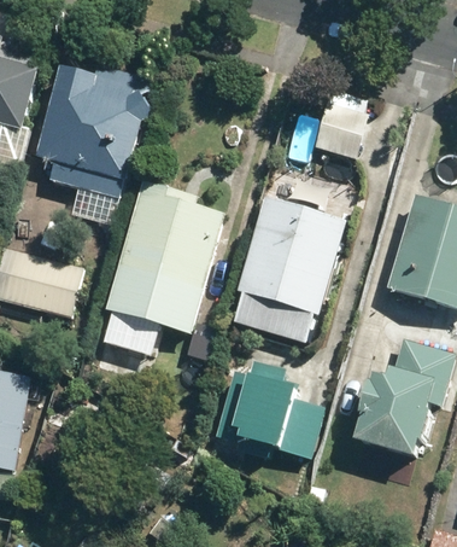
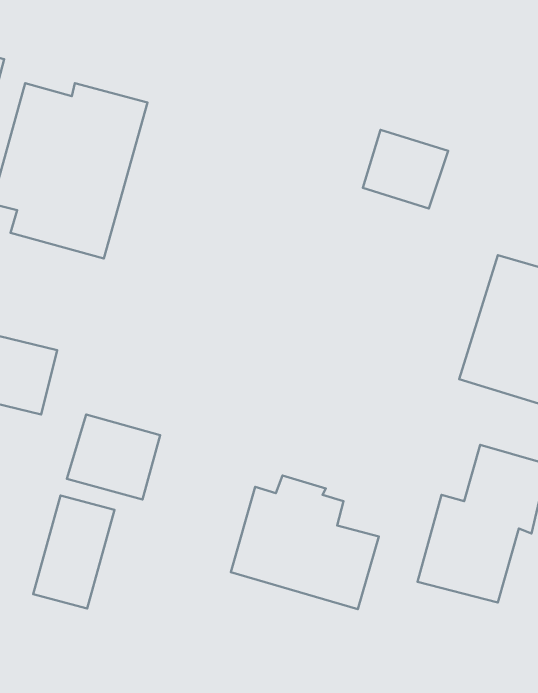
building: [106,182,223,333] -> none
building: [232,197,345,343] -> none
building: none -> [33,495,114,609]

